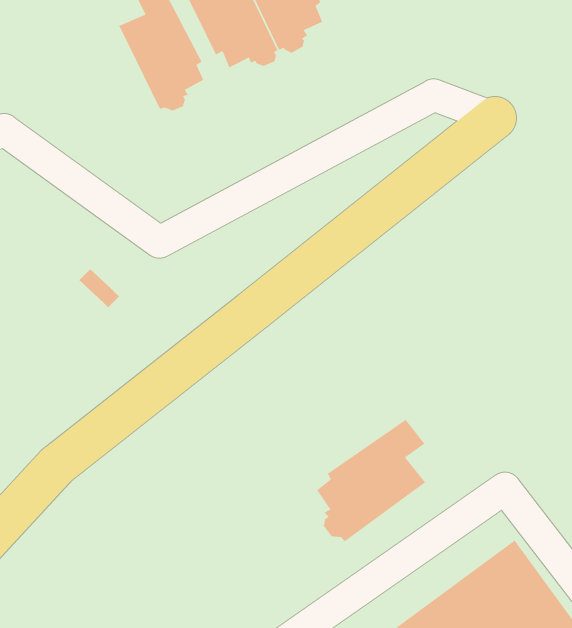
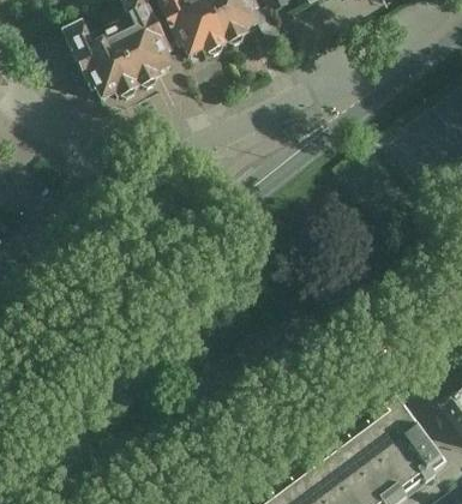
building: none -> [66,11,140,97]
building: [316,419,426,542] -> none

